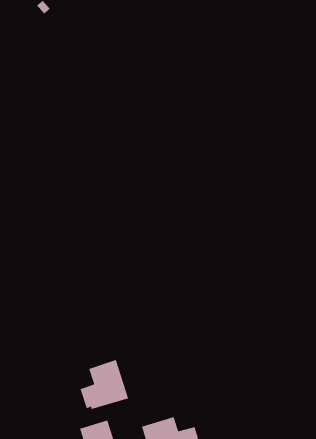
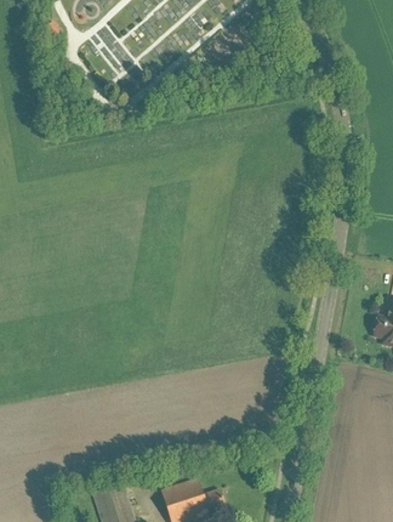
building: [80,359,129,410] -> none

